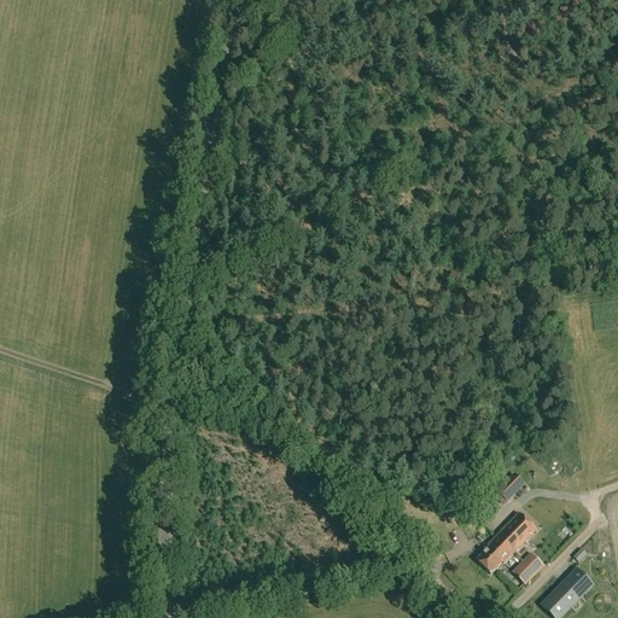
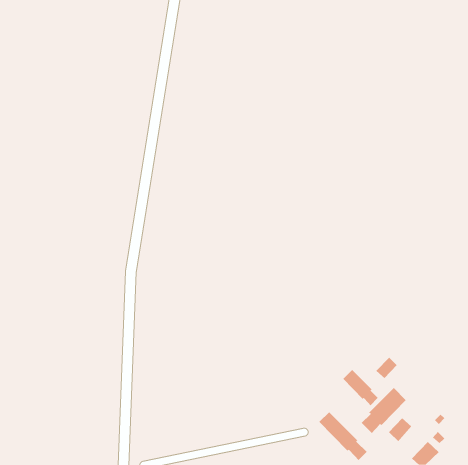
building: none -> [342,369,379,406]
building: none -> [319,411,367,461]

